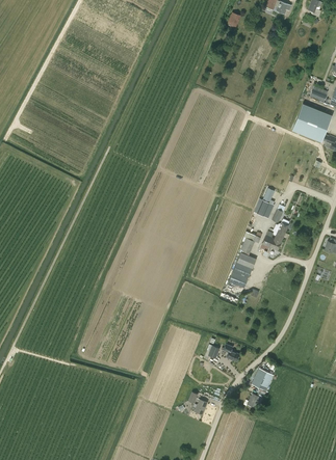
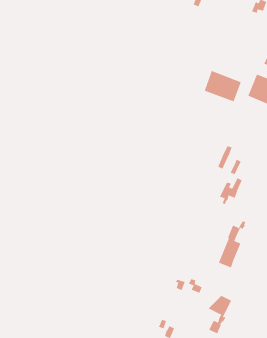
building: none -> [203,70,242,102]
building: [229,232,262,288] -> [218,220,247,268]

